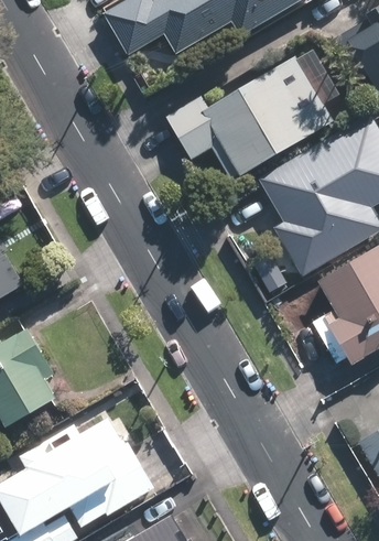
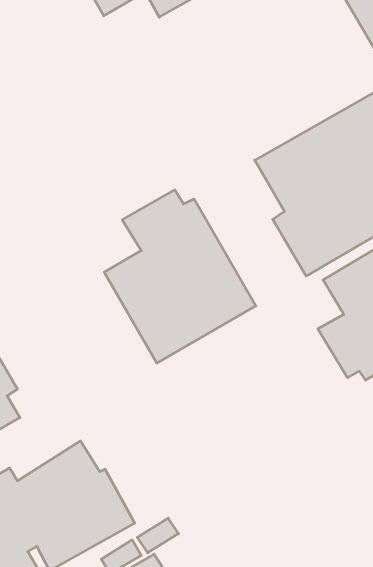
building: [165,56,334,180] -> none
building: none -> [104,190,256,363]

